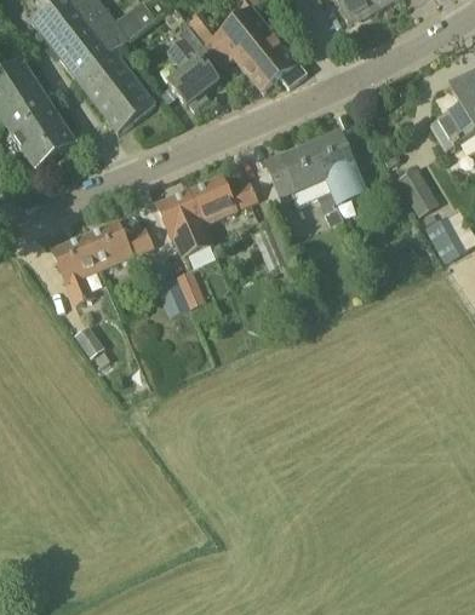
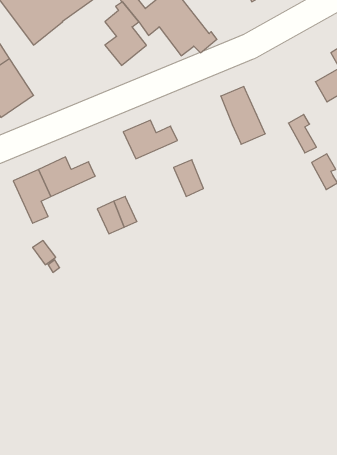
building: [76,50,154,131] -> none
building: [265,143,343,224] -> none
building: [156,188,212,255] -> none

